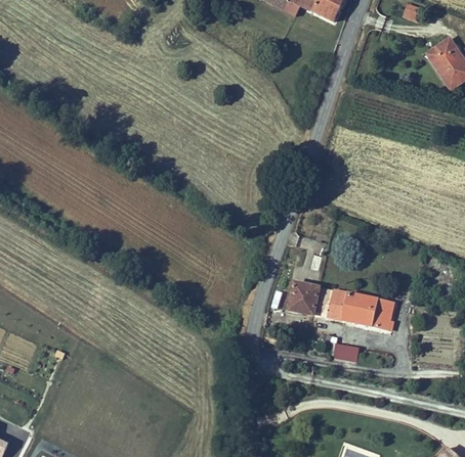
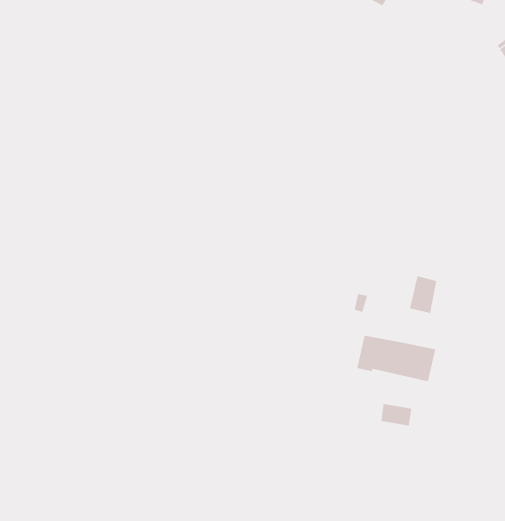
building: [288,282,319,315] -> none
building: [371,299,393,329] -> [409,276,437,314]

